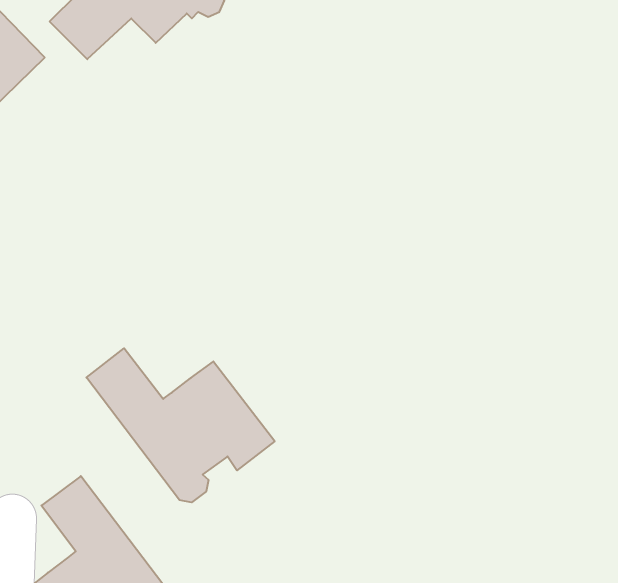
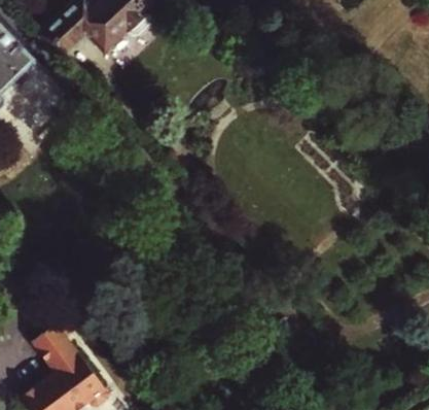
building: [86,348,275,502] -> none

